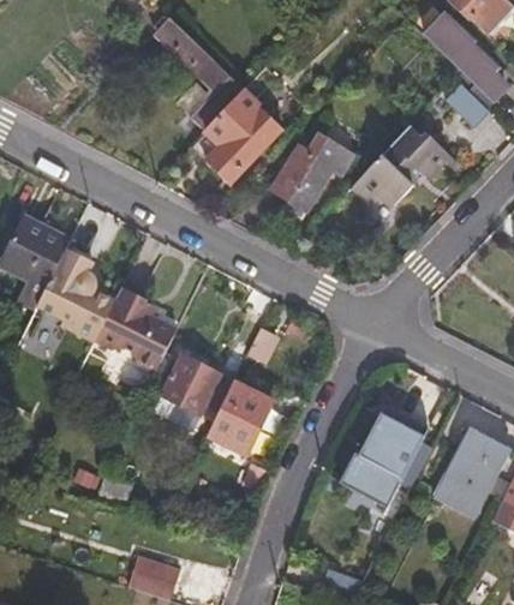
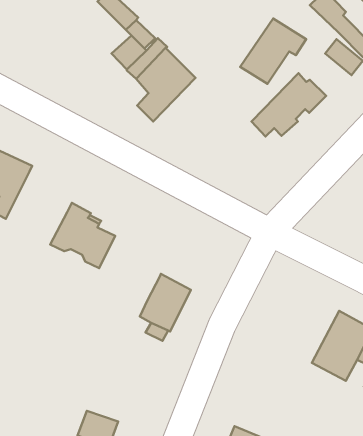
building: [271,127,355,210] -> [240,18,306,84]
building: [38,248,116,341] -> none
building: [163,355,234,412] -> none
building: [339,413,426,513] -> none

